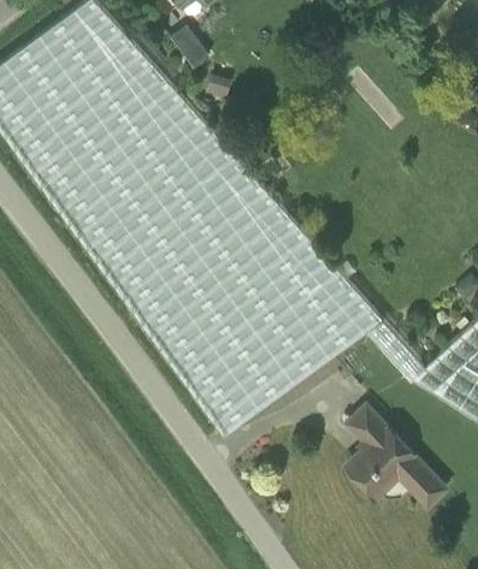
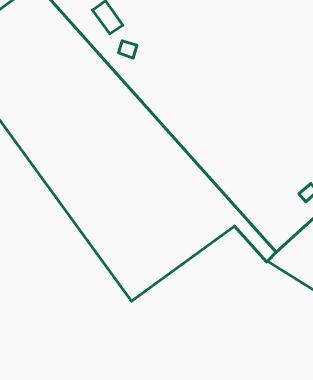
building: [348,405,447,504] -> none

